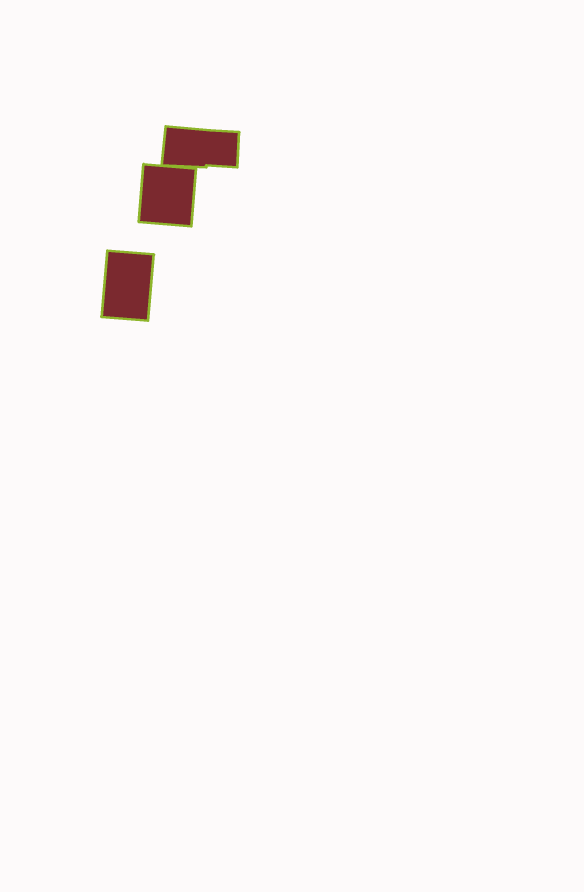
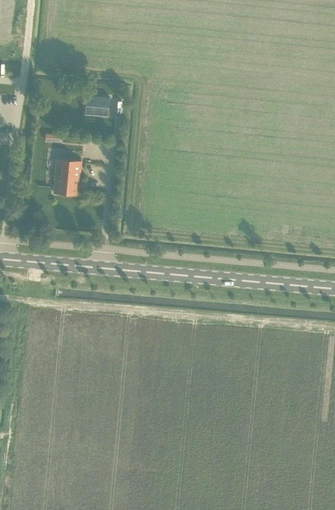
building: [139,164,196,226] -> none

